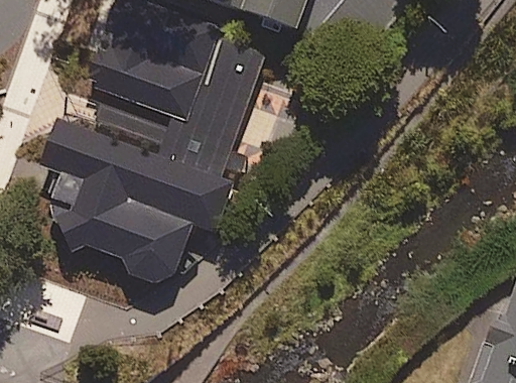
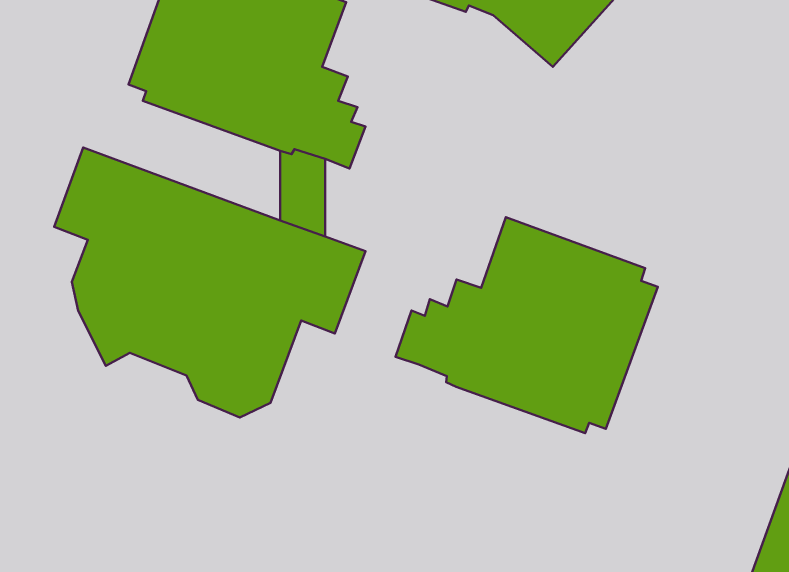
building: none -> [396,217,658,433]

